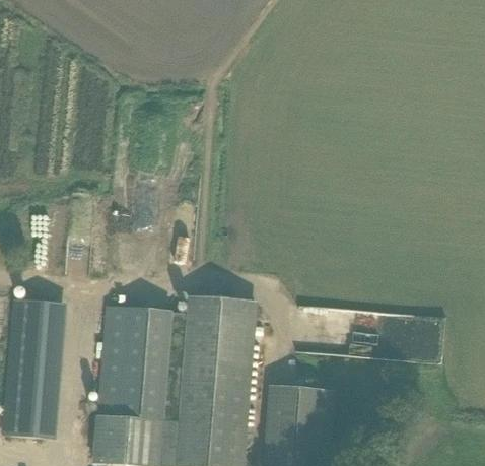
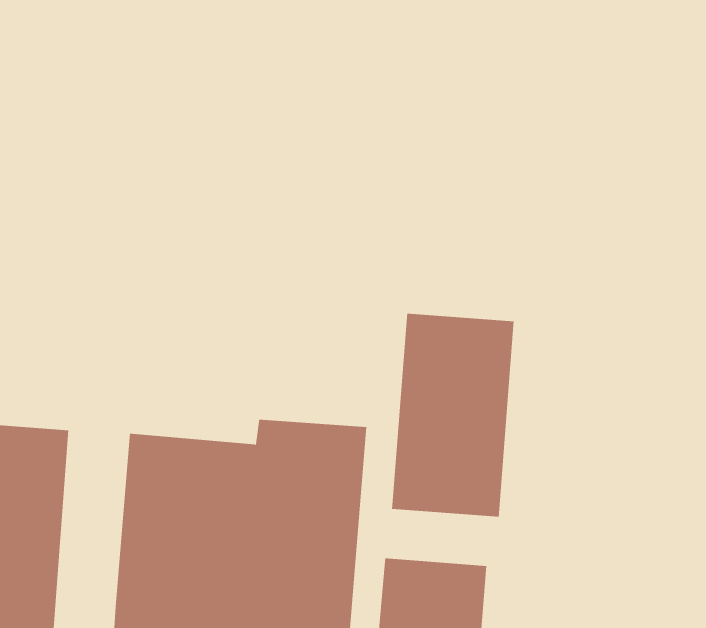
building: none -> [392,313,514,518]

